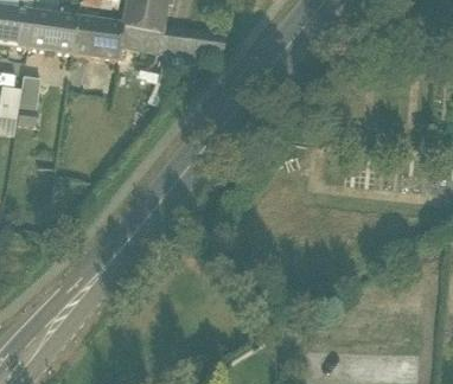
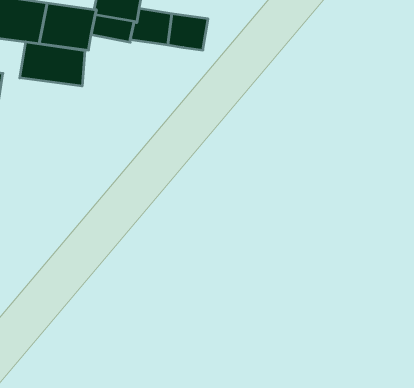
building: none -> [20,42,85,86]

